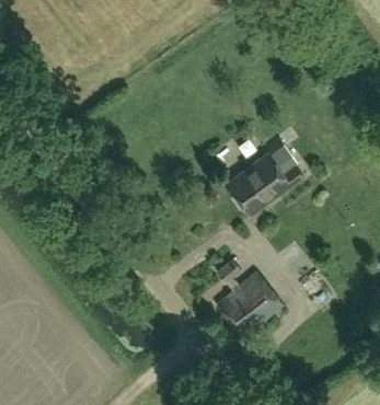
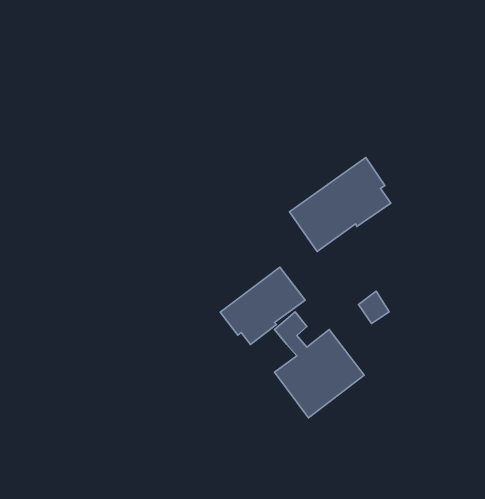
building: none -> [220,267,305,345]

